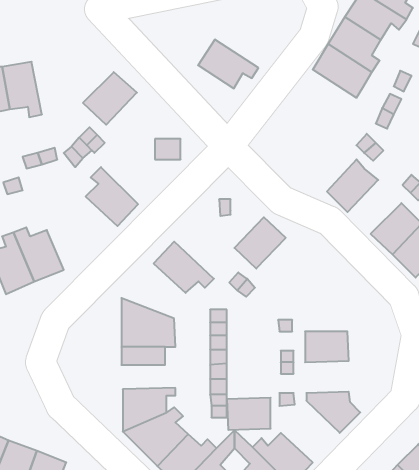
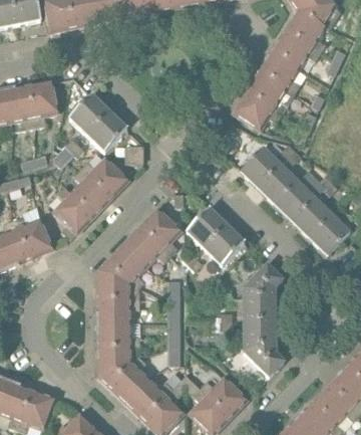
building: [198,40,258,88] -> [234,91,281,130]
building: none -> [27,80,58,127]
building: none -> [85,110,127,152]
building: none -> [240,146,281,187]
building: none -> [81,157,127,197]
building: none -> [274,178,316,220]
building: none -> [51,186,94,239]
building: none -> [138,208,182,255]
building: none -> [203,223,244,265]
building: none -> [97,243,147,286]
building: none -> [241,263,282,296]
building: none -> [97,322,139,342]
building: [227,398,271,430] -> [241,319,275,345]

